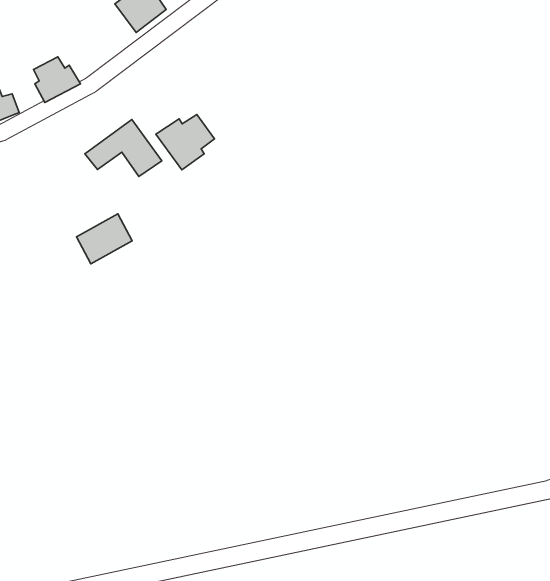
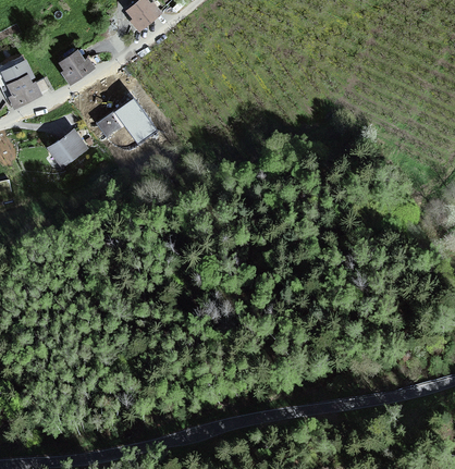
building: [156,115,214,170] -> none
building: [76,214,132,264] -> [41,128,84,166]

